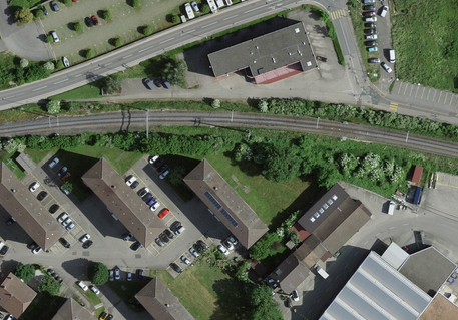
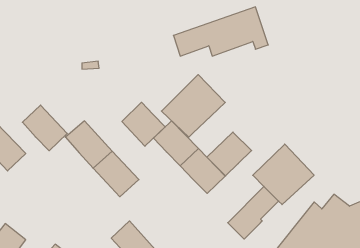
building: none -> [161,75,225,137]
building: none -> [122,102,165,146]
building: none -> [207,132,252,176]
building: [14,196,66,249] -> [22,105,67,151]

